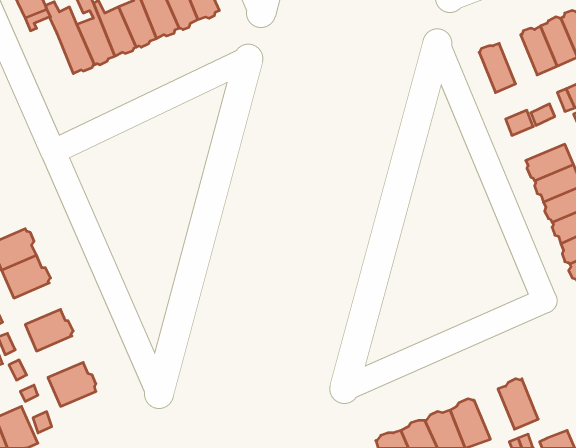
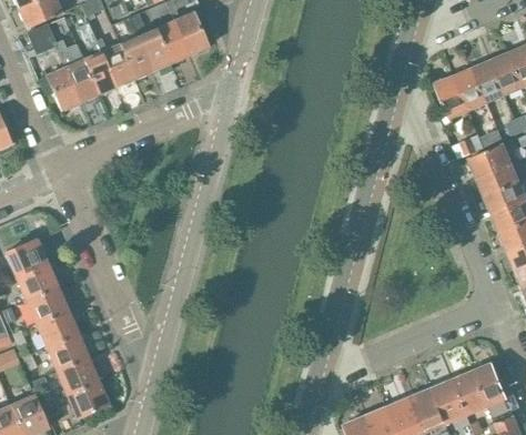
building: none -> [45,67,79,110]
building: none -> [454,68,487,111]
building: none -> [469,144,512,179]
building: none -> [27,286,69,323]
building: none -> [47,333,89,370]
building: none -> [474,363,507,406]
building: none -> [432,380,467,424]
building: none -> [68,382,109,417]

